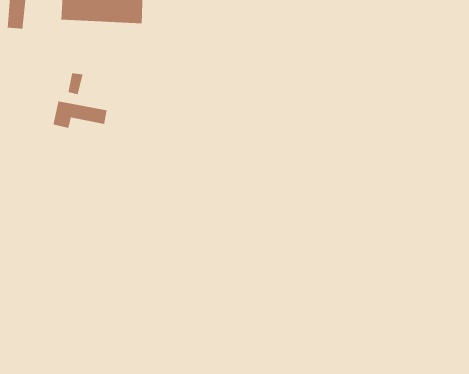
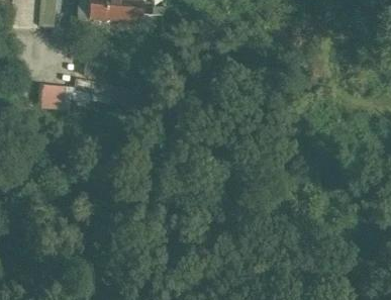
building: none -> [44,85,72,110]

